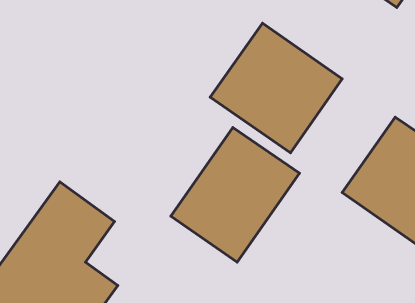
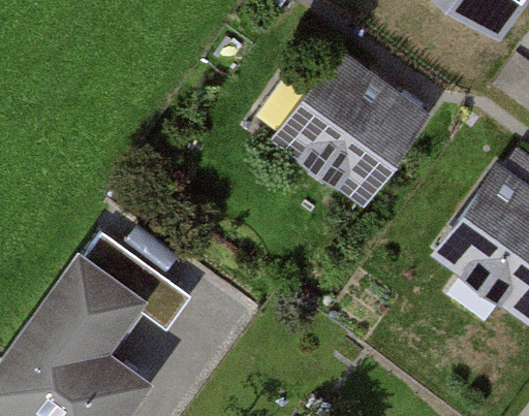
building: [171,127,300,262] -> none

